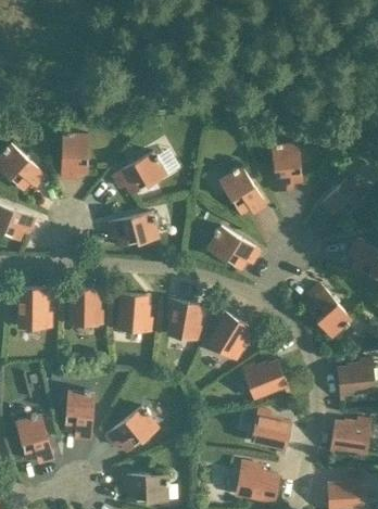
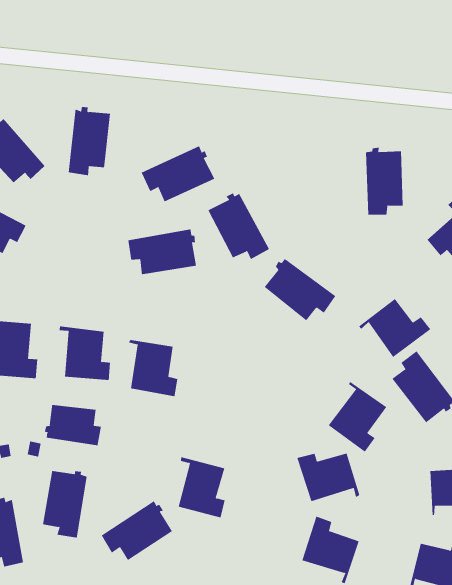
building: [219,167,266,214] -> [208,193,270,260]
building: none -> [358,298,431,358]
building: [167,300,202,341] -> [178,457,226,518]
building: [207,310,249,360] -> [328,381,387,453]
building: none -> [44,404,101,446]

